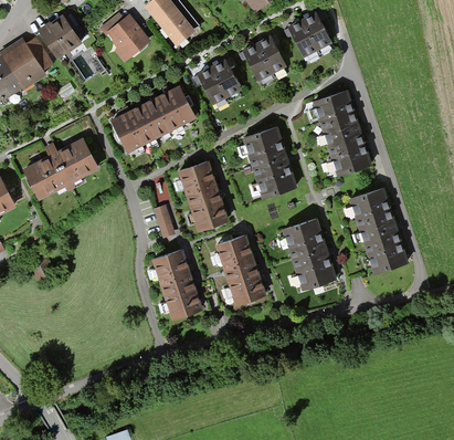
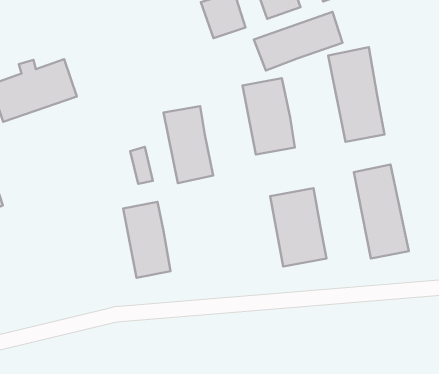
building: none -> [254,12,343,71]
building: [108,84,193,151] -> none
building: [218,235,266,304] -> none

